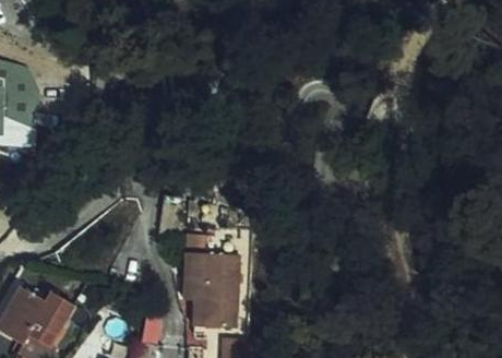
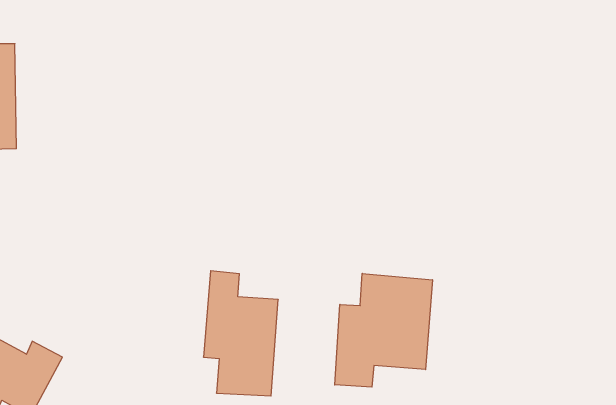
building: none -> [335,273,432,387]

